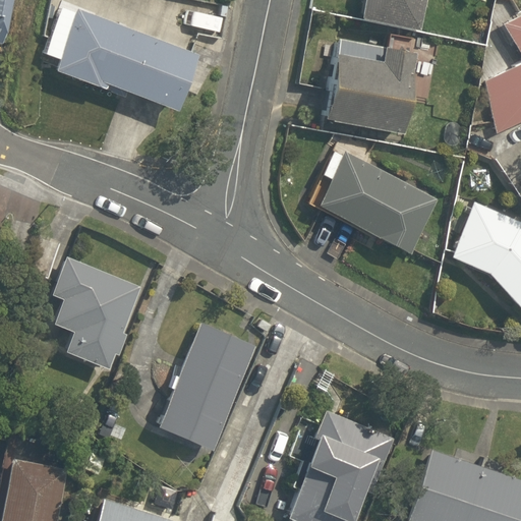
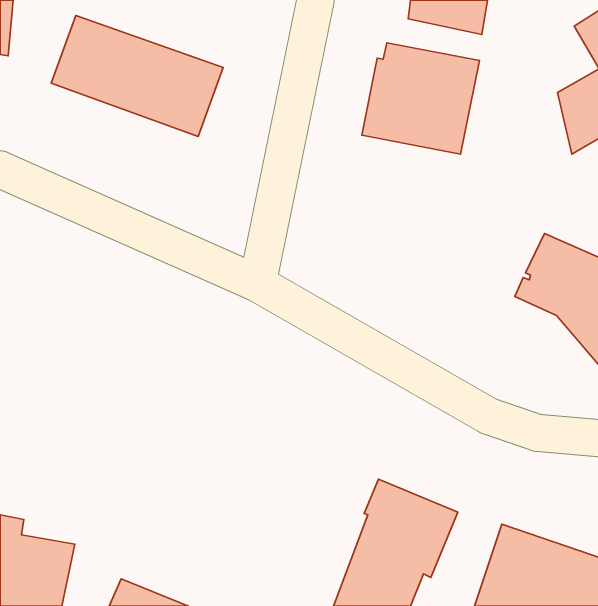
building: [313,149,439,252] -> none
building: [34,237,141,373] -> none
building: [155,322,258,452] -> none

